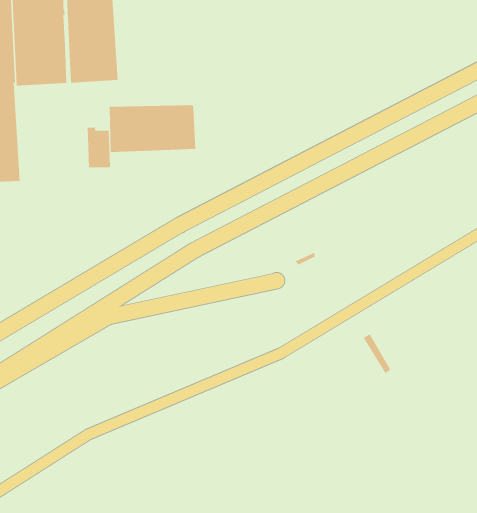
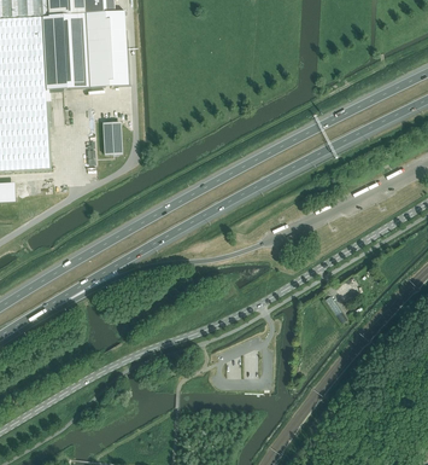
building: [109,105,196,153] -> none

